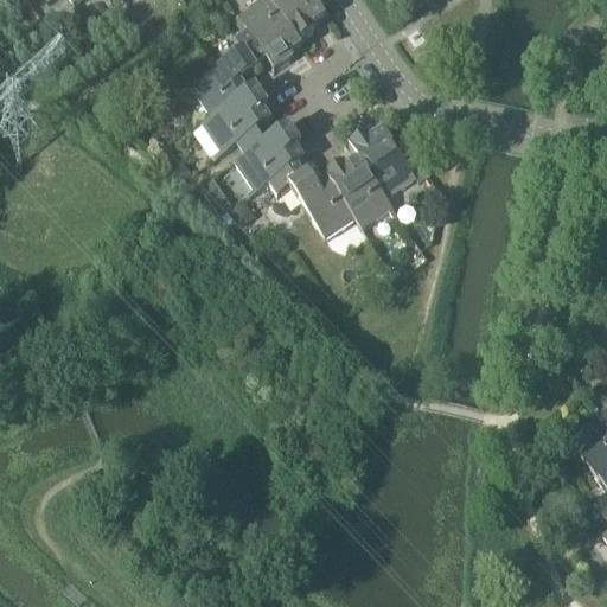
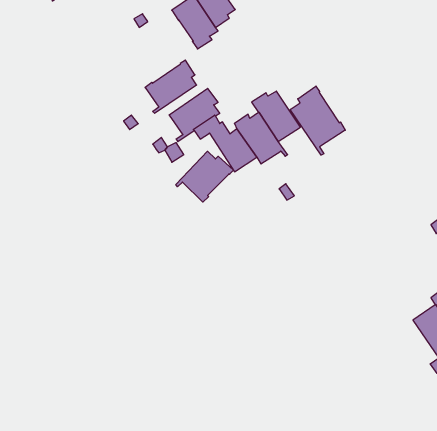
building: [192,27,269,115] -> none
building: none -> [290,86,345,155]
building: none -> [176,151,233,202]

